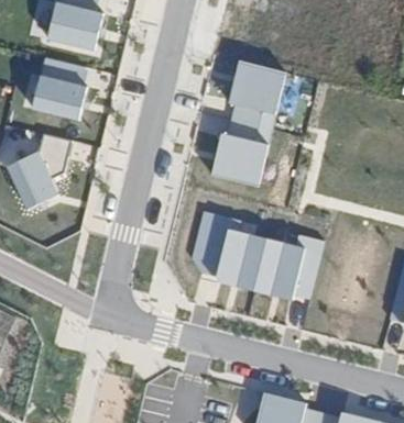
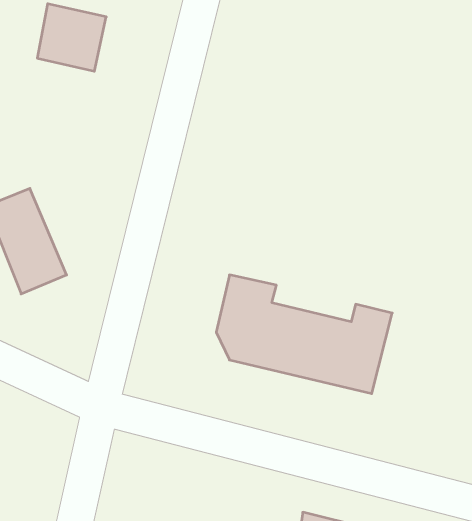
building: [206,62,272,183] -> none
building: [36,76,92,124] -> none

